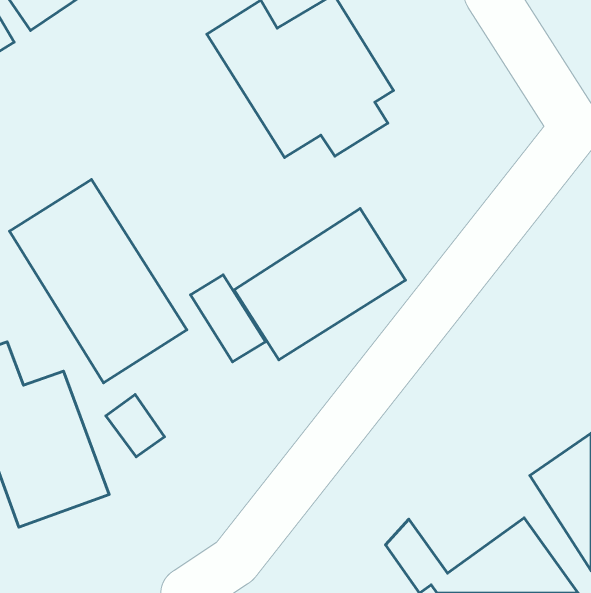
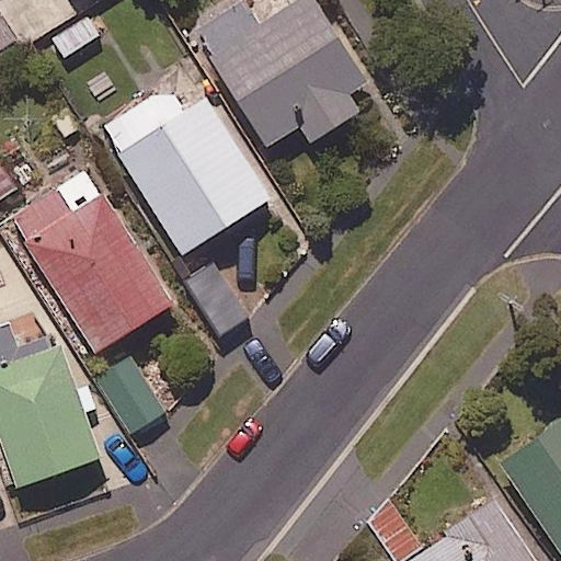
building: none -> [99,81,272,259]
building: [234,209,405,360] -> none

